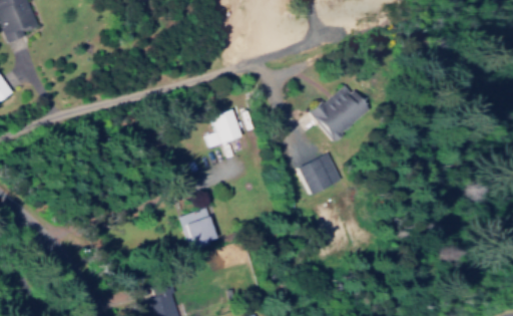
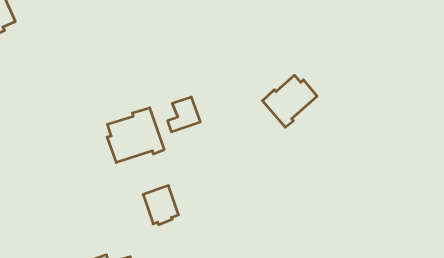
building: none -> [107,108,164,163]
building: [299,153,341,194] -> none

